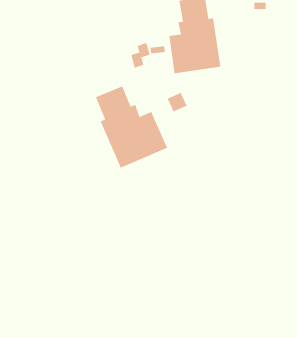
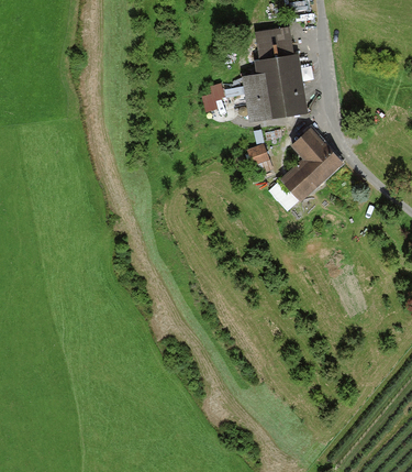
building: none -> [283,129,342,198]
building: [95,85,168,168] -> none

